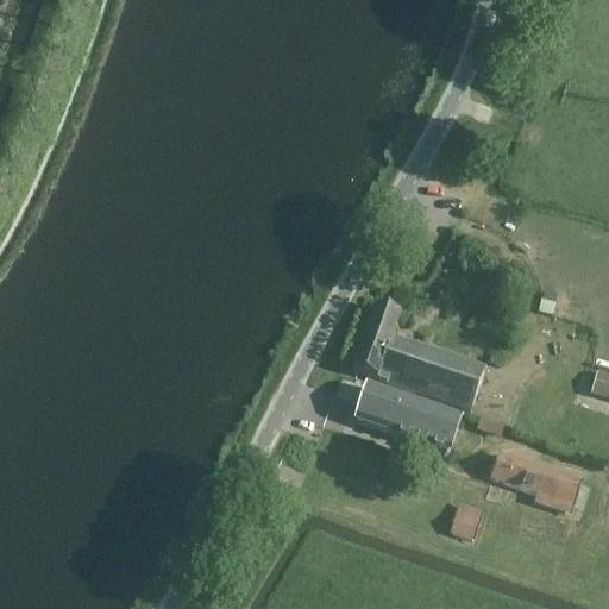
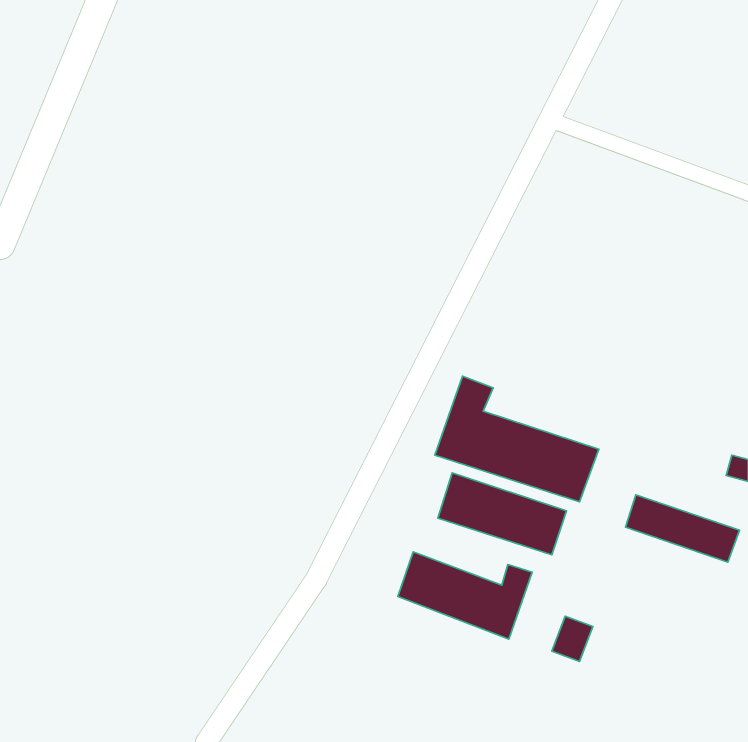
building: none -> [398,552,532,639]
building: [490,451,583,506] -> [625,495,740,562]

